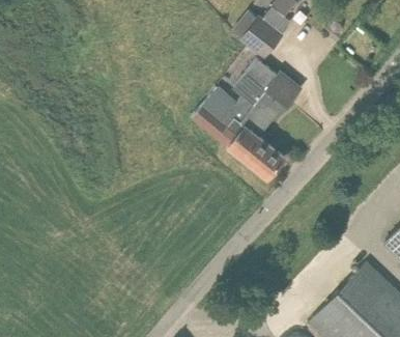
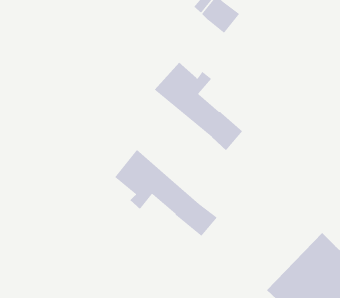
building: [233,59,302,138] -> none
building: none -> [114,149,218,237]

